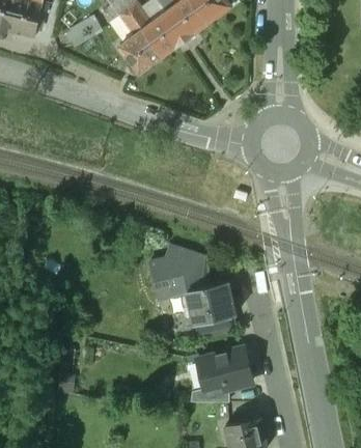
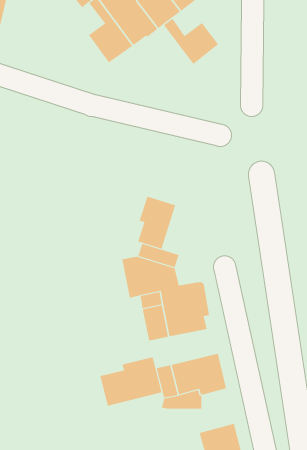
building: none -> [163,18,219,65]
building: none -> [137,196,176,249]
building: none -> [100,357,162,407]

